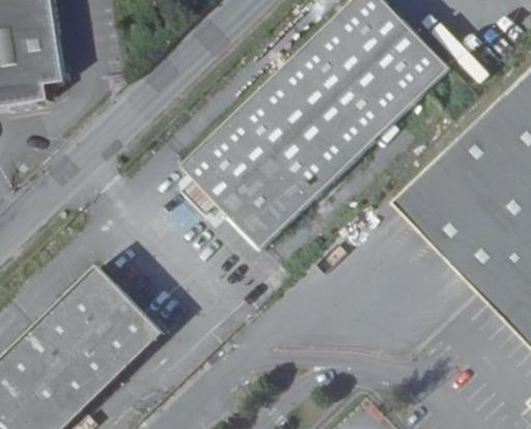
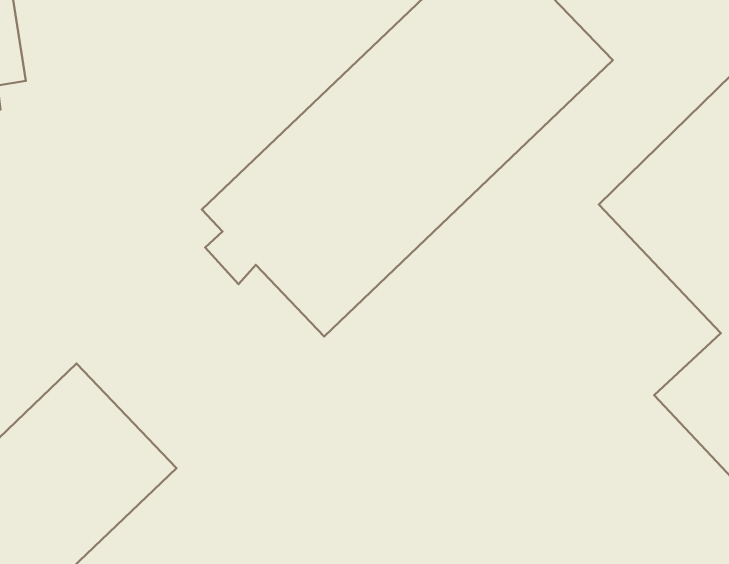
building: [396,161,520,285] -> none

